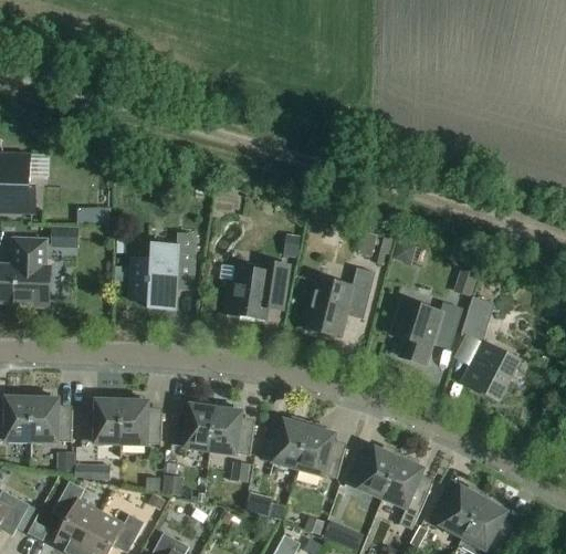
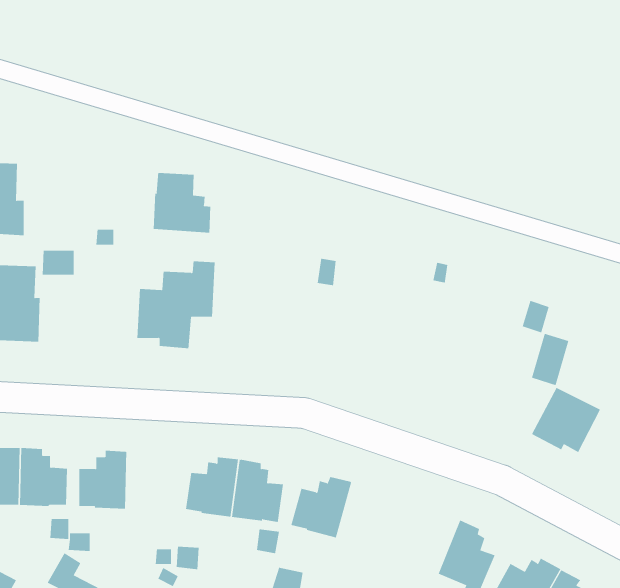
building: none -> [153,172,211,234]
building: [224,263,290,318] -> none
building: [305,268,376,336] -> none
building: [391,300,462,364] -> none
building: [122,395,163,445] -> none
building: [298,421,345,479] -> none
building: [346,446,402,499] -> none

